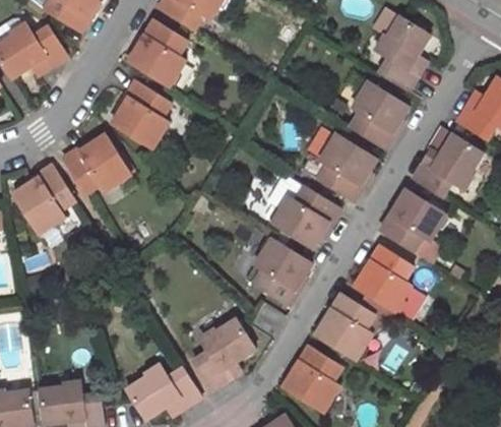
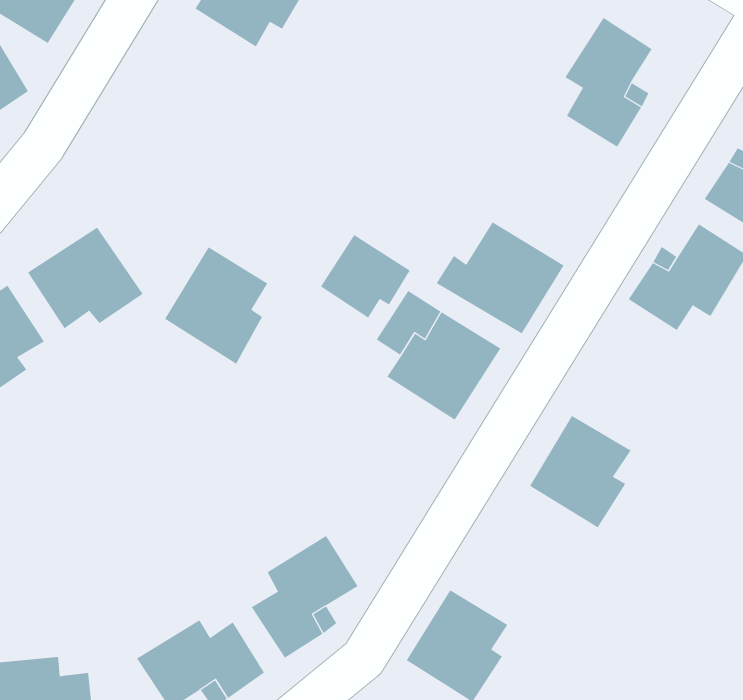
building: [130,21,189,87] -> none
building: [112,81,172,149] -> [164,246,268,364]
building: [348,81,406,148] -> none
building: none -> [320,234,411,318]
building: [380,189,444,261] -> none
building: [244,237,311,304] -> none
building: [316,295,373,359] -> none

